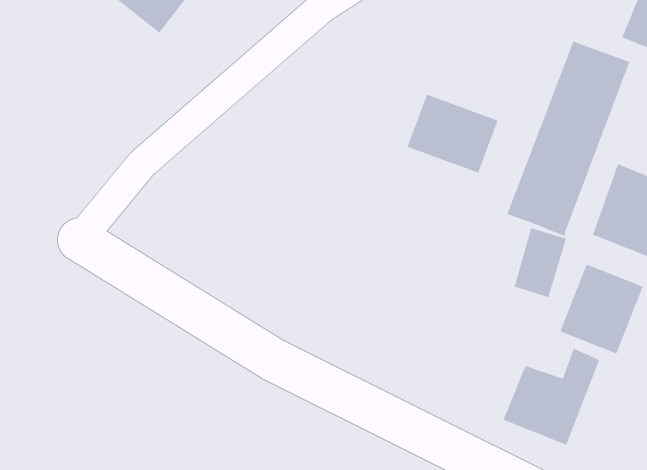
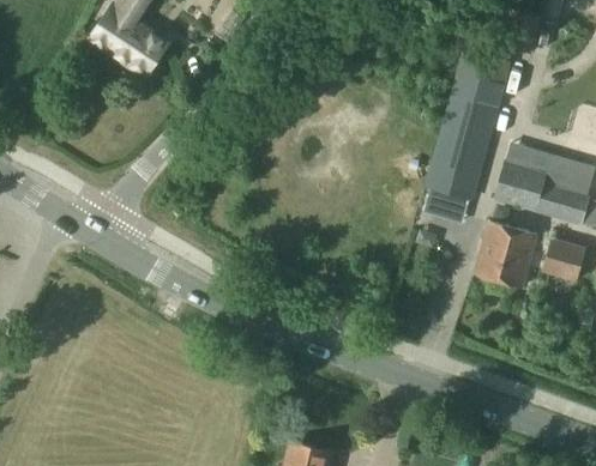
building: [407,94,498,174] -> none
building: [503,348,600,445] -> none

